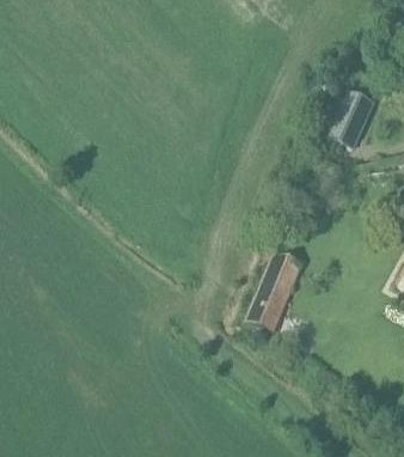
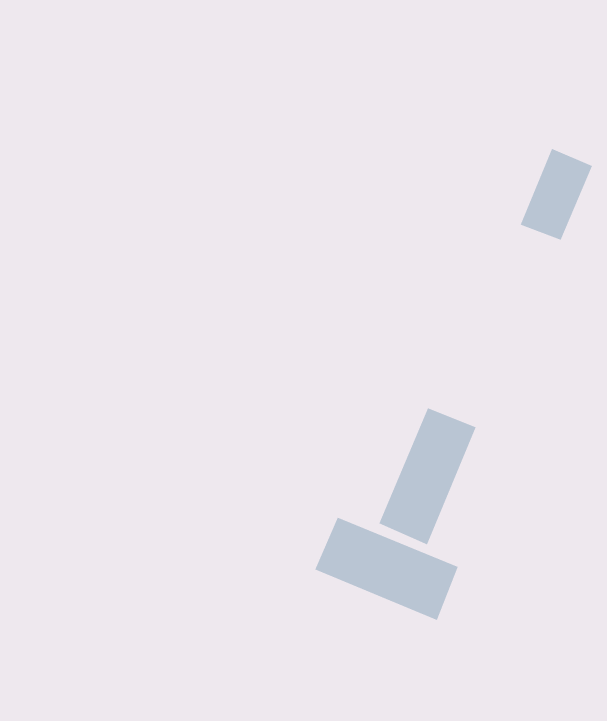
building: none -> [314,517,459,621]

